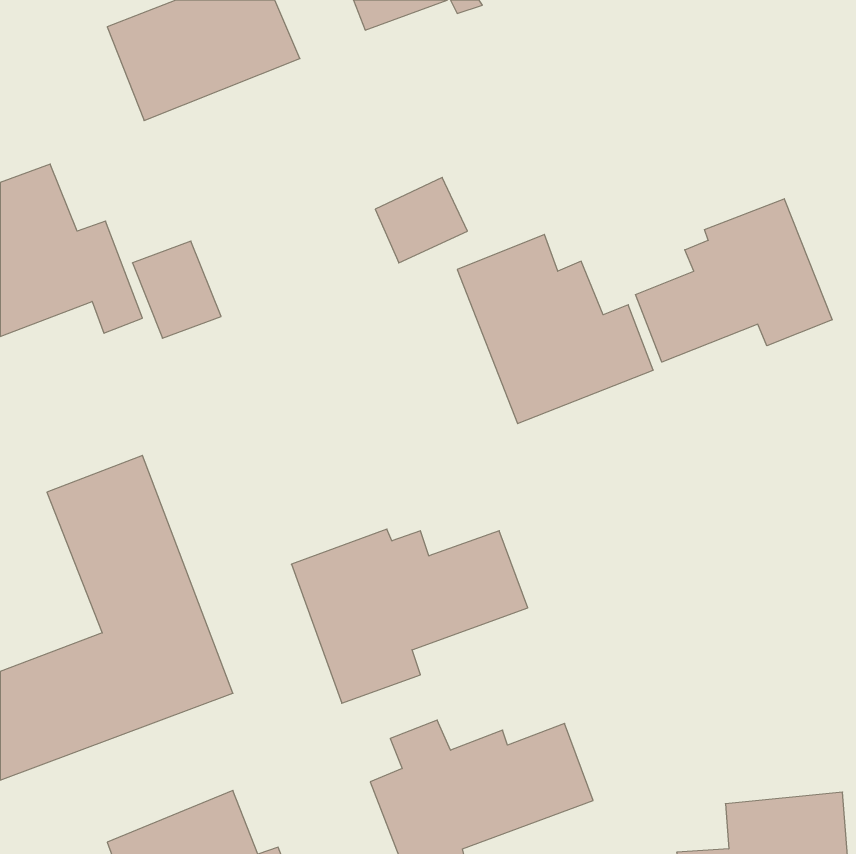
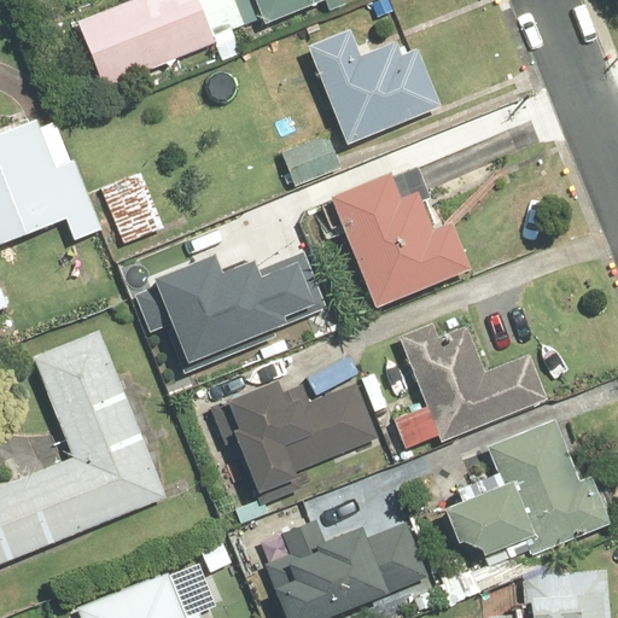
building: none -> [307,29,443,144]
building: [636,199,832,362] -> none
building: none -> [150,246,331,362]
building: none -> [393,322,550,449]
building: none -> [444,420,611,564]

